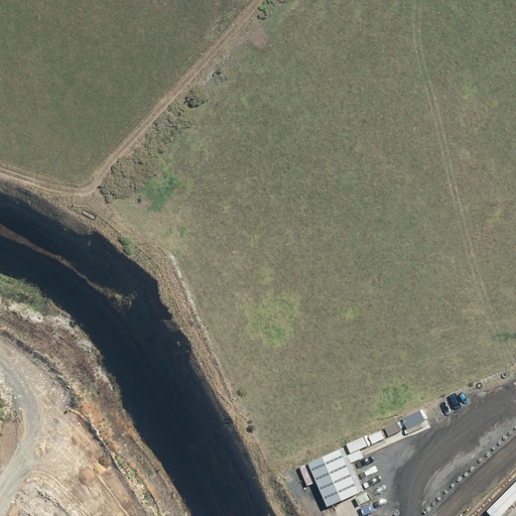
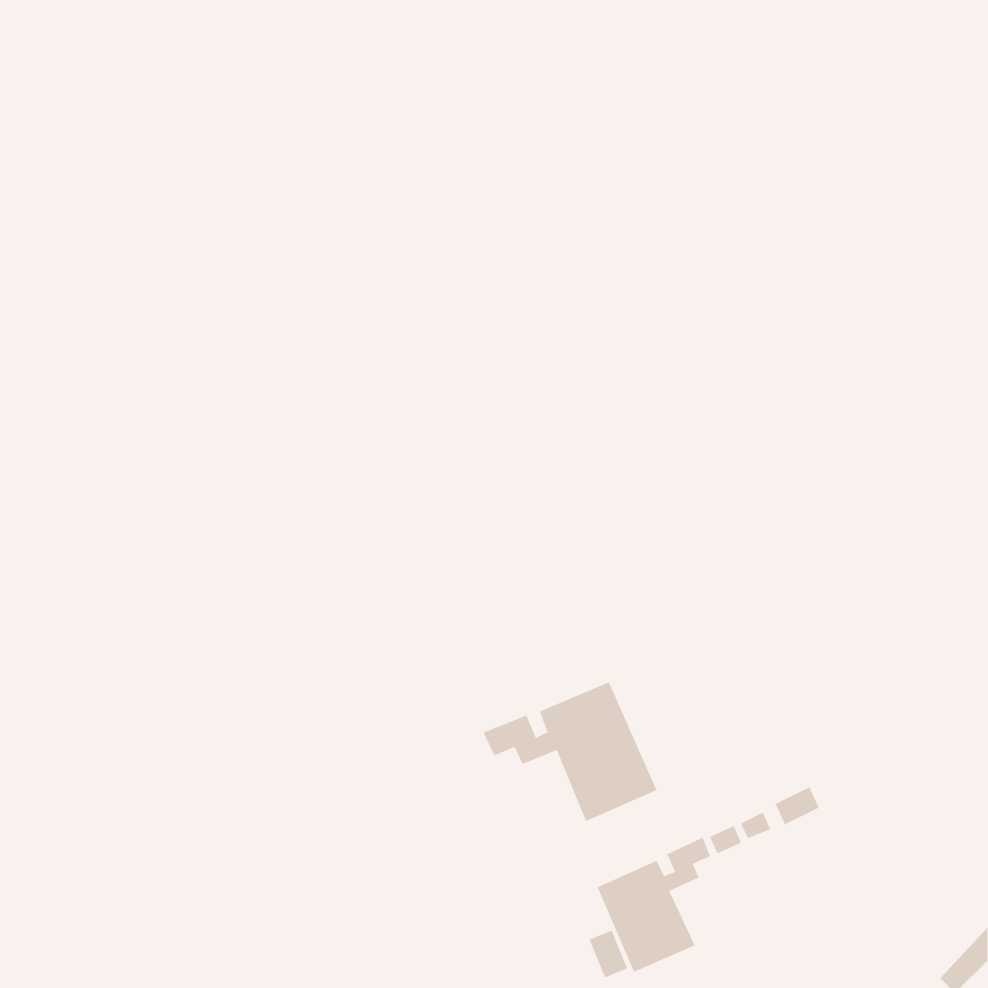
building: none -> [483,682,657,822]

